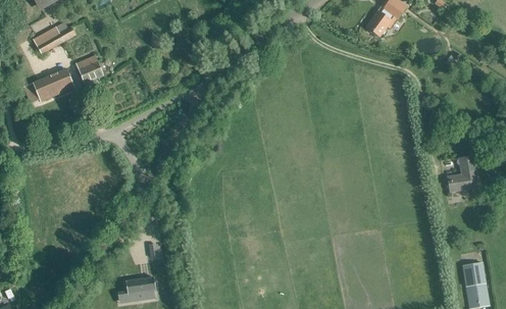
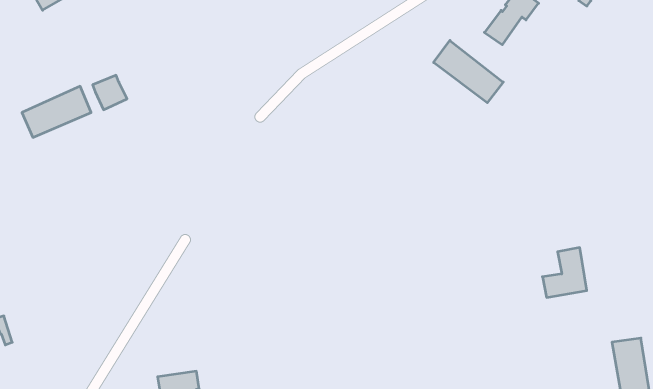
building: [34,21,75,53] -> none
building: none -> [434,40,503,103]
building: [446,154,478,191] -> [542,248,587,297]

